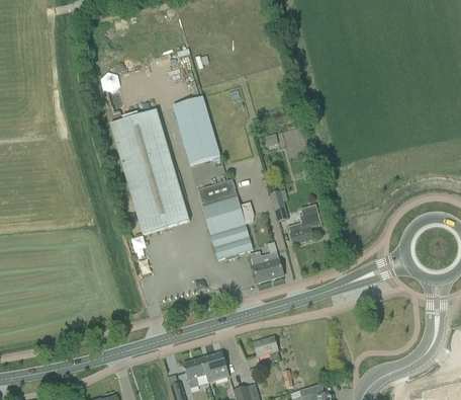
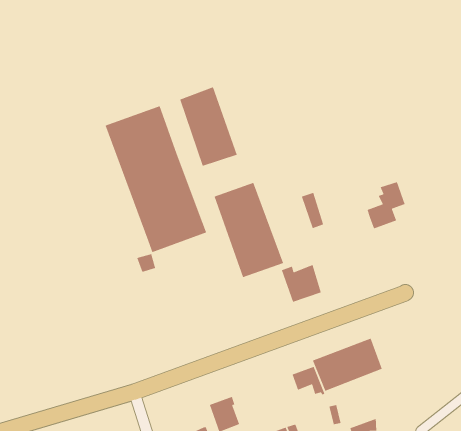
building: [288,205,321,244] -> [366,181,406,230]
building: none -> [312,337,383,392]
building: [203,351,229,382] -> none

